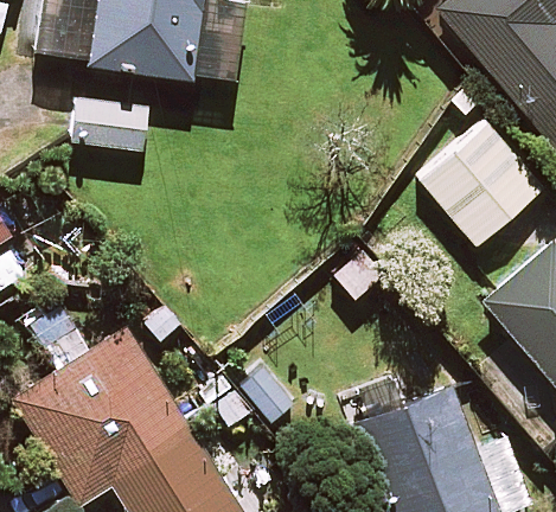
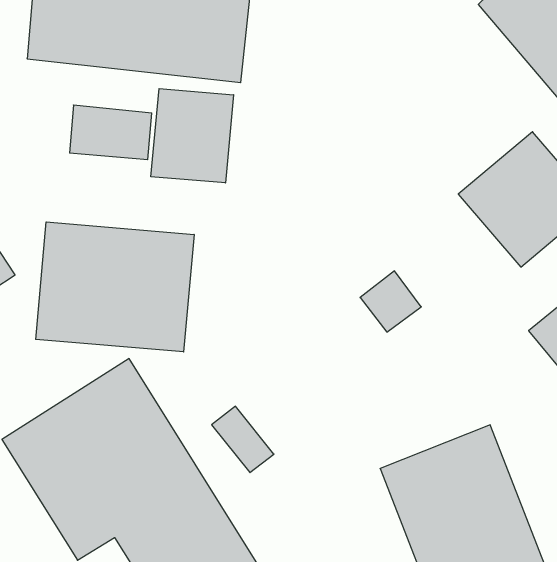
building: none -> [151,89,234,183]
building: none -> [36,222,194,352]

